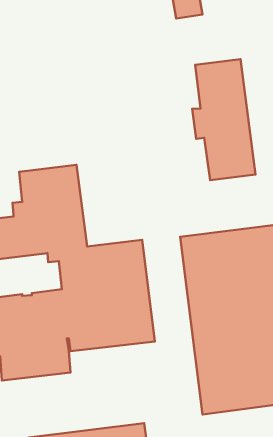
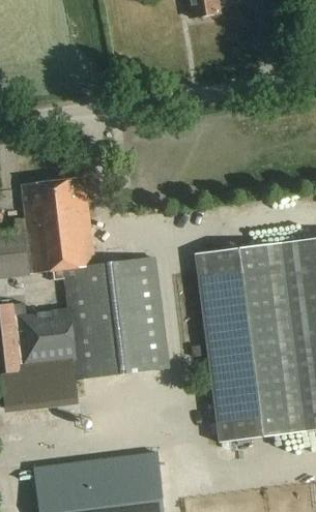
building: [192,59,256,180] -> none

